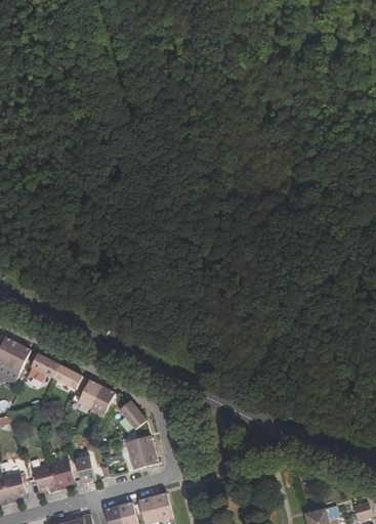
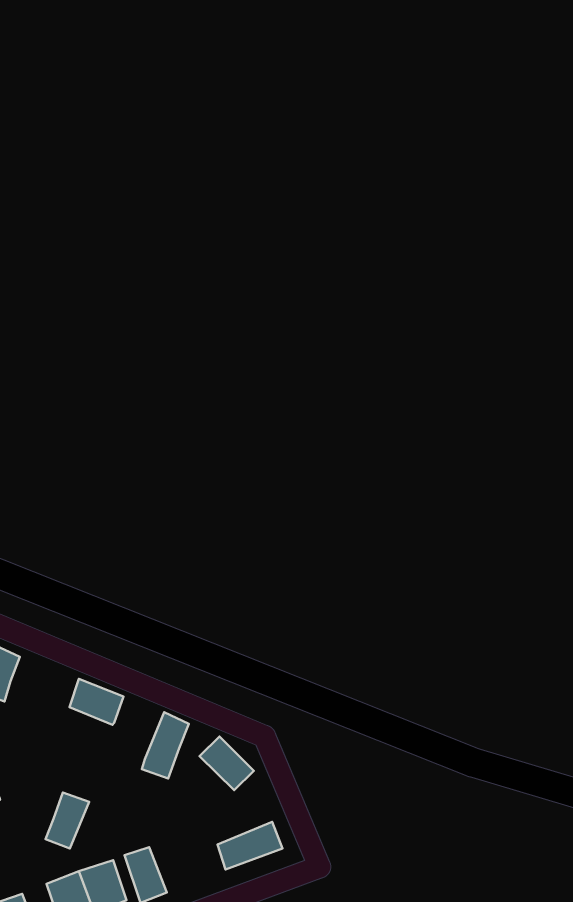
building: [31,352,59,378] -> none
building: [78,379,102,408] -> [45,792,89,849]
building: [120,435,154,456] -> none

